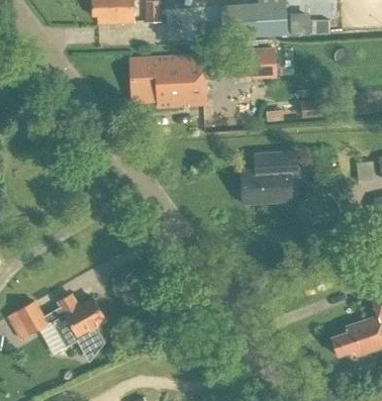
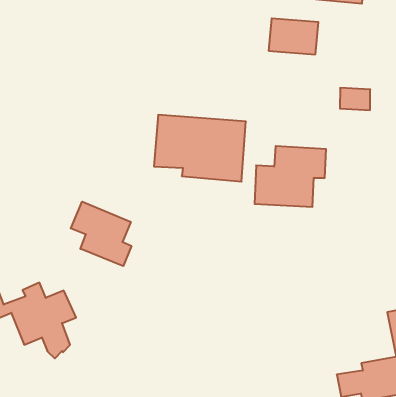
building: [128,57,205,109] -> [154,115,246,182]
building: none -> [71,202,131,266]

